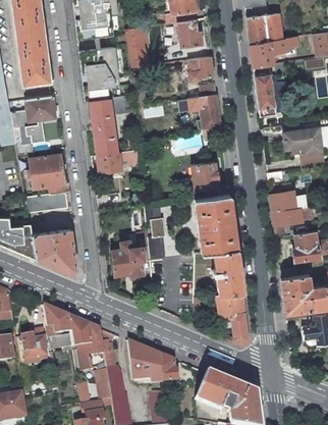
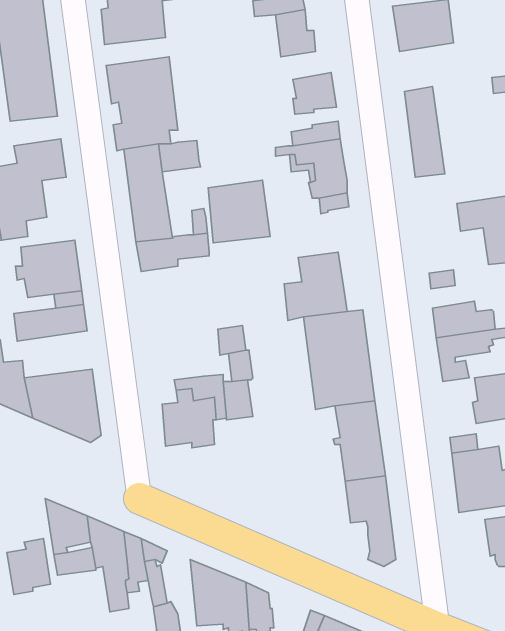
building: [125,28,151,68] -> none
building: [251,38,296,68] -> none
building: none -> [208,180,270,243]

